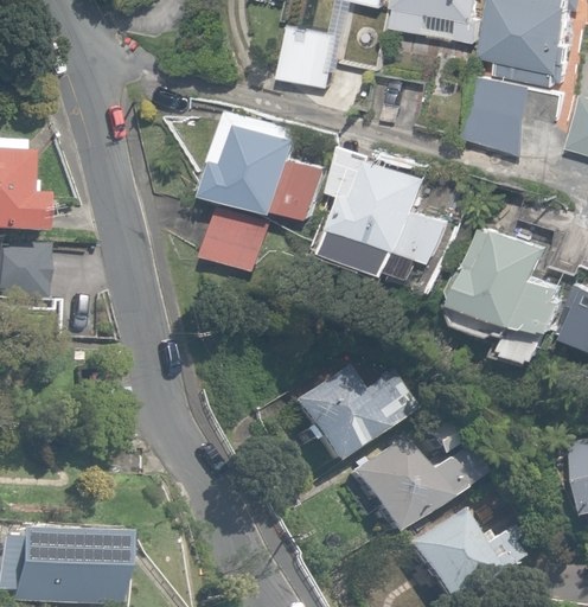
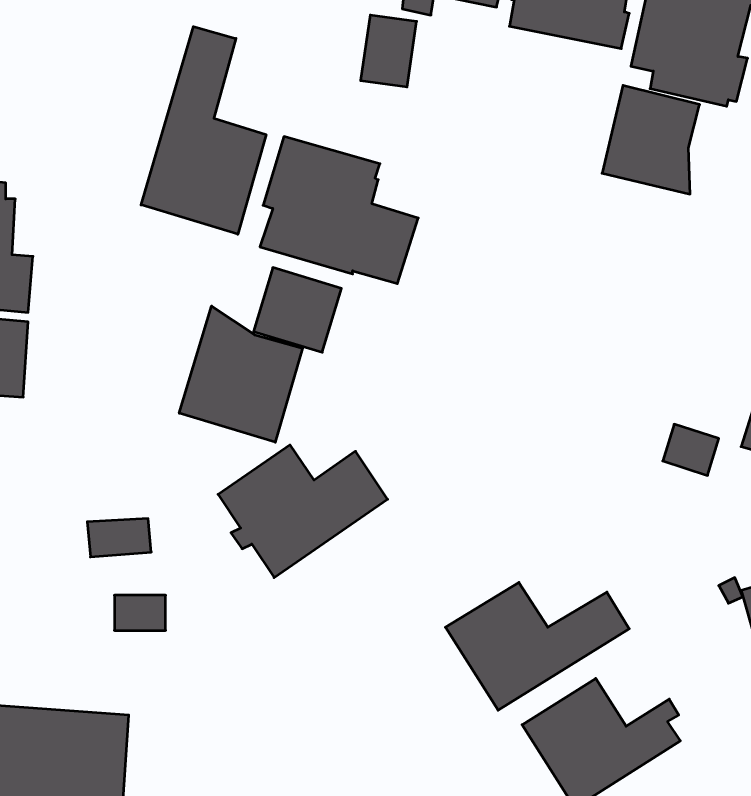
building: none -> [141,27,266,234]
building: [325,143,448,274] -> none
building: [455,231,562,328] -> none
building: none -> [179,306,303,442]
building: [286,368,411,466] -> [218,445,388,578]

